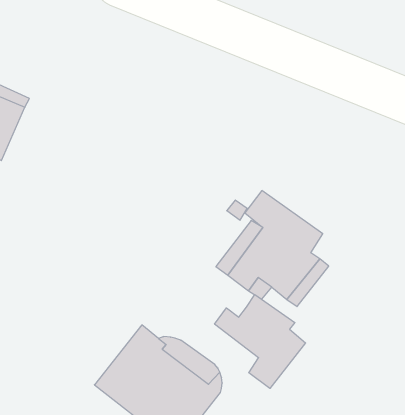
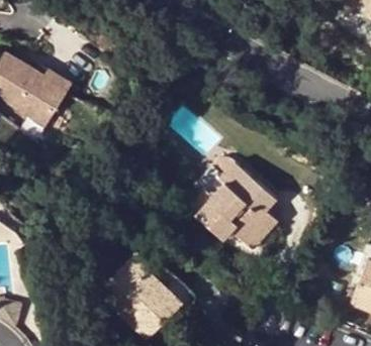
building: [215,295,306,388] -> none

